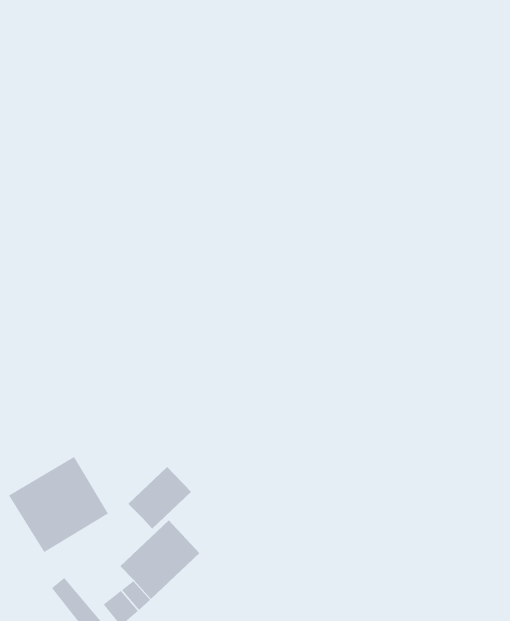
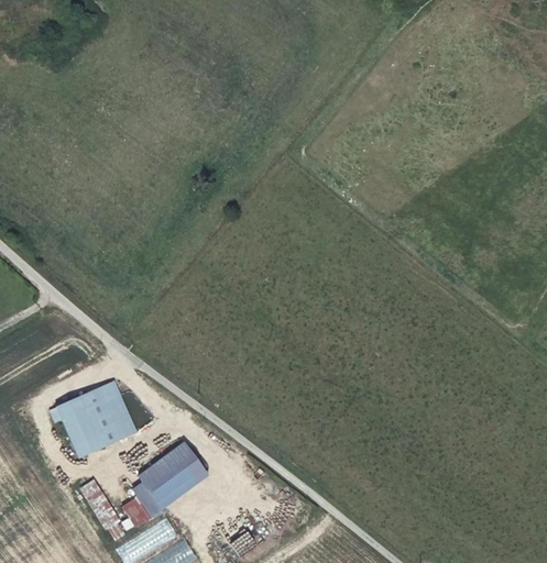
building: [127,466,192,529] -> none

